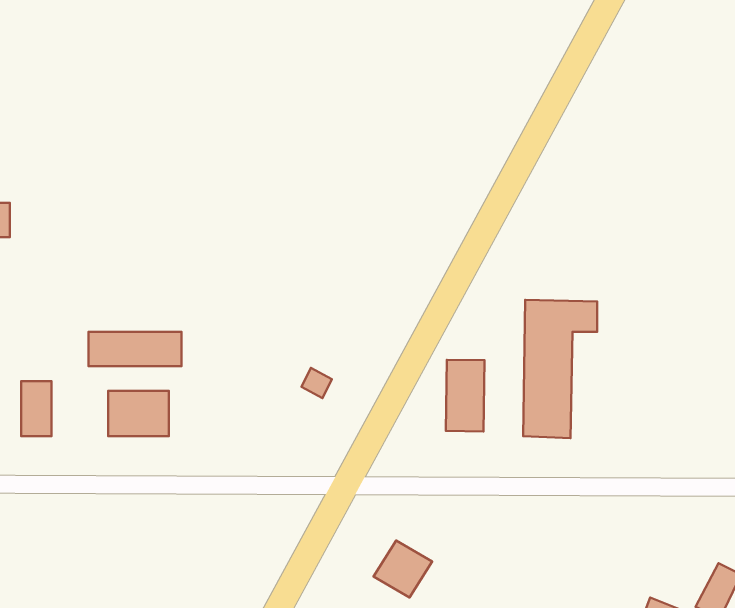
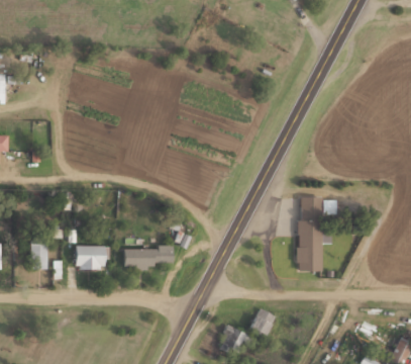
building: [89,332,181,366] -> [123,248,173,266]
building: [446,360,484,431] -> none
building: none -> [249,308,276,336]

